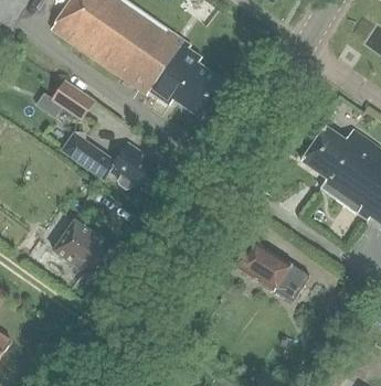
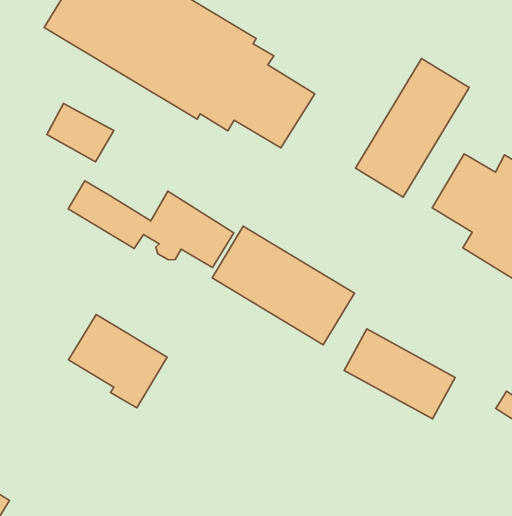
building: none -> [356,59,469,197]
building: none -> [212,226,355,345]

